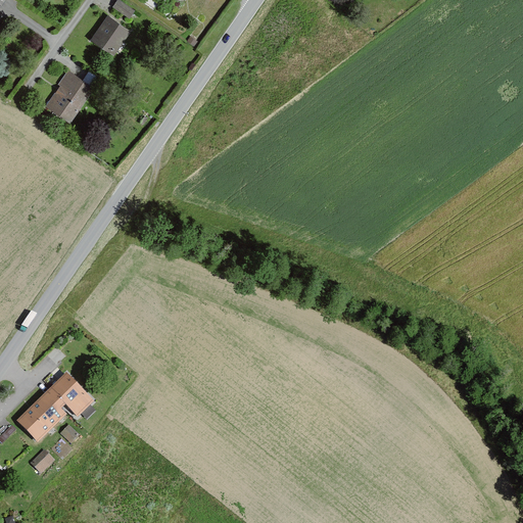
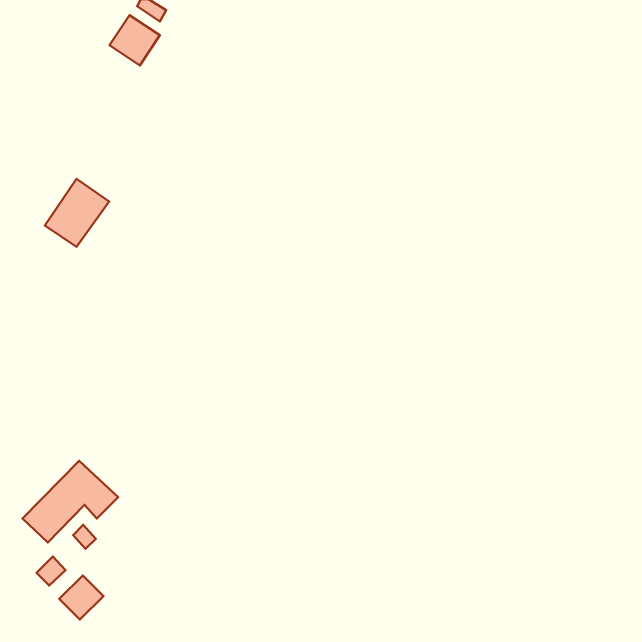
building: [42,67,94,123] -> [45,179,109,247]
building: none -> [59,575,103,620]

